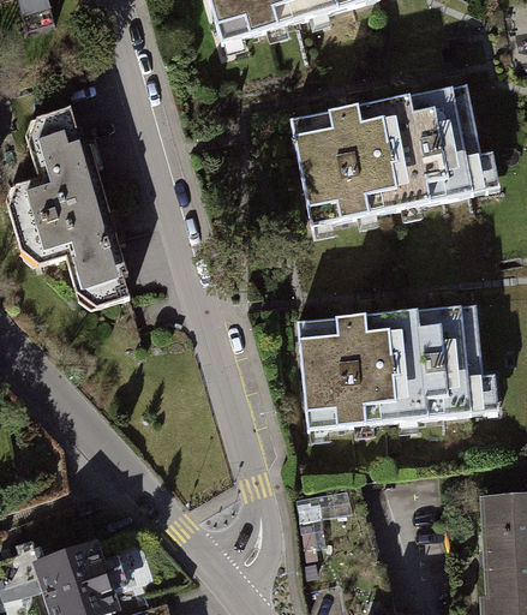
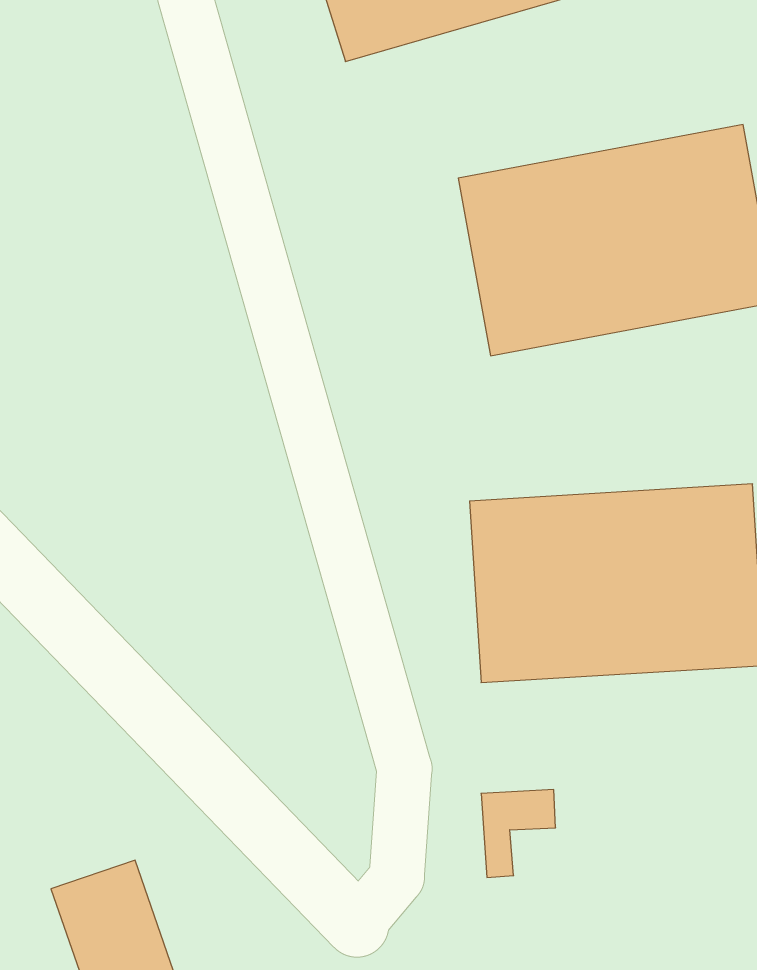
building: [16,105,127,311] -> none

